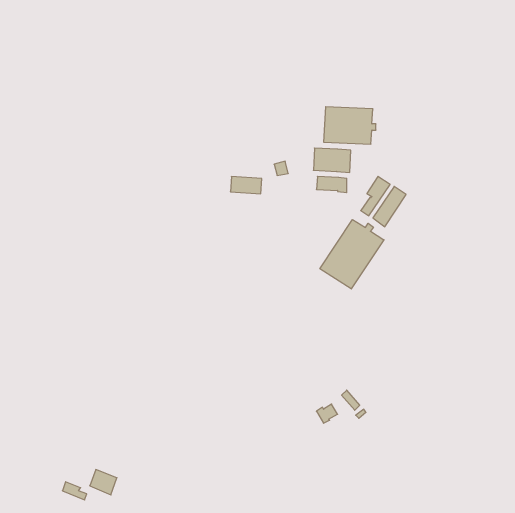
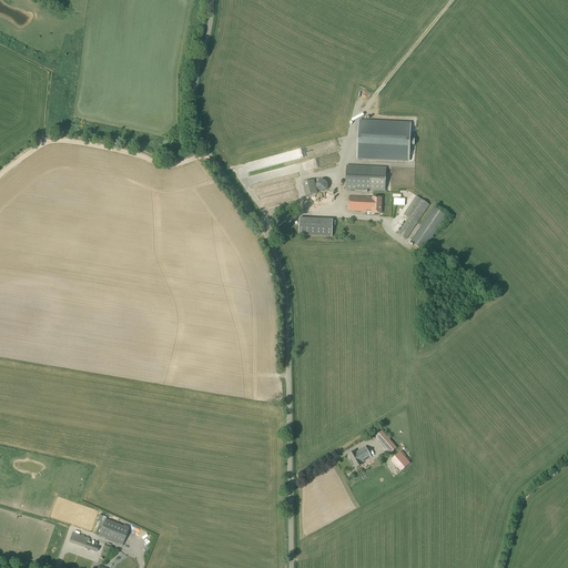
building: [230,177,262,194] -> [298,216,333,235]
building: [320,220,384,289] -> none

